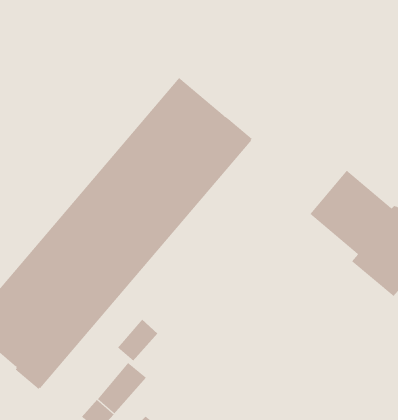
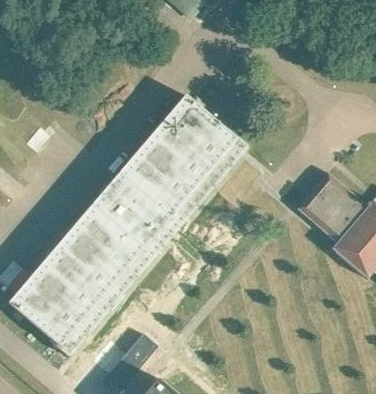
building: [117,319,158,362] -> none

